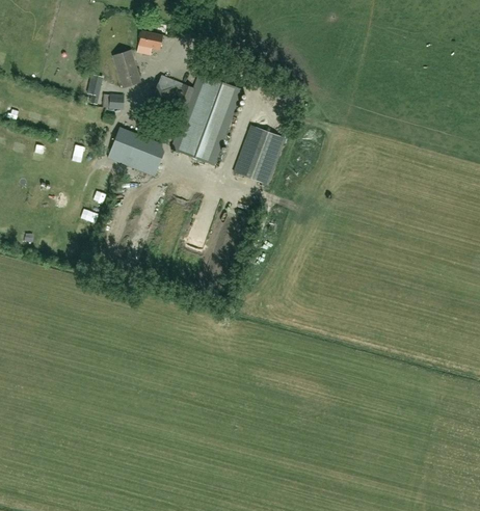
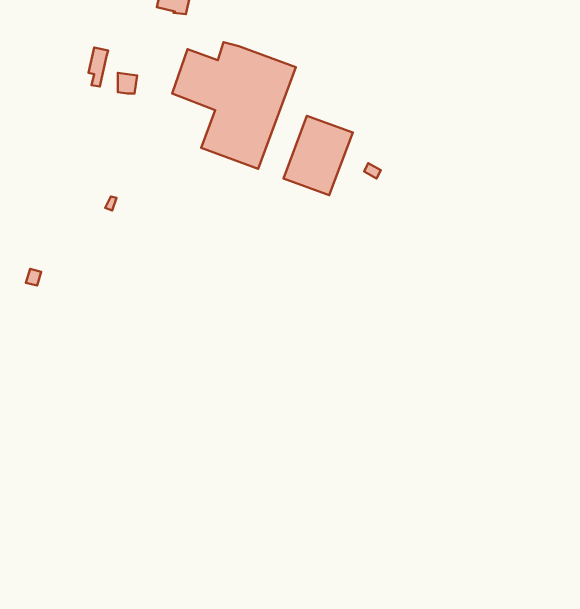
building: [112,49,141,87] -> none
building: [107,127,164,176] -> none

